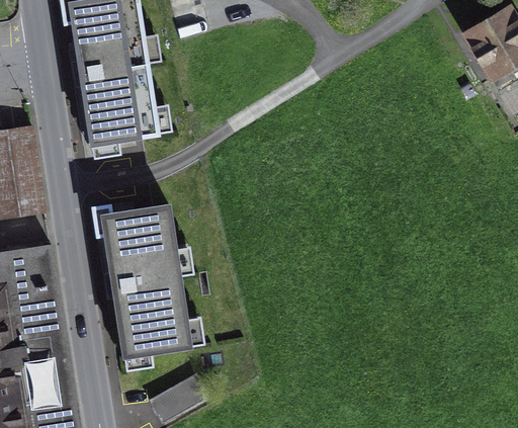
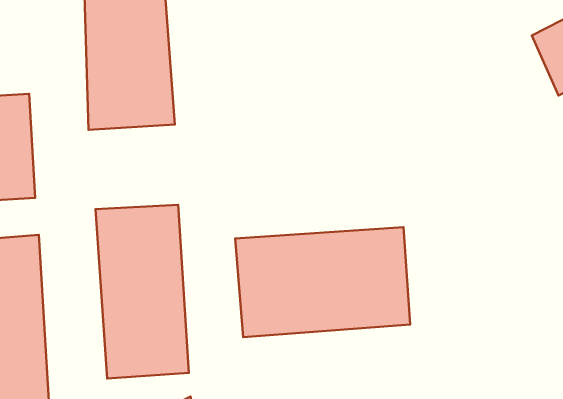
building: none -> [235,227,410,337]

